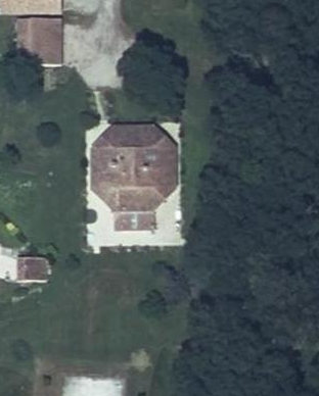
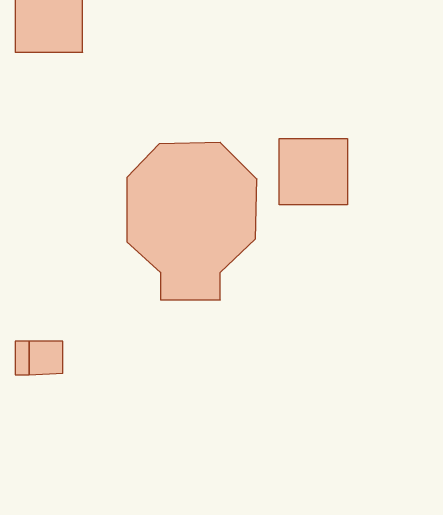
building: none -> [279,139,347,205]

